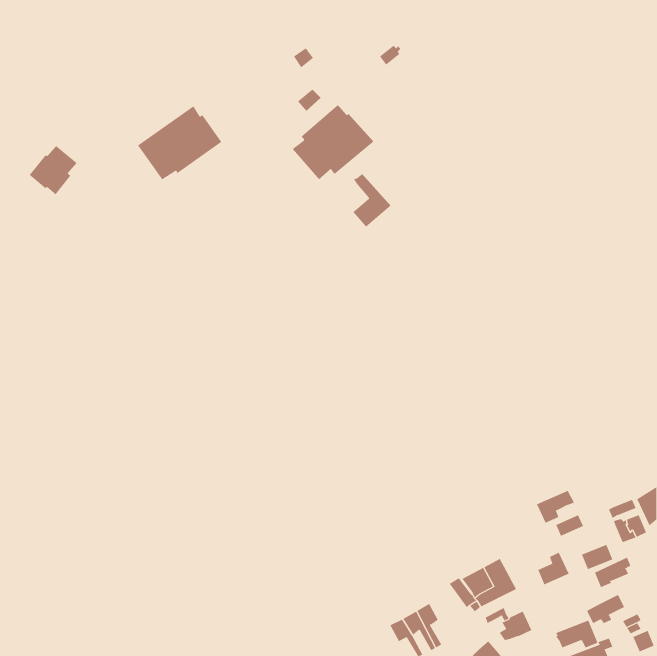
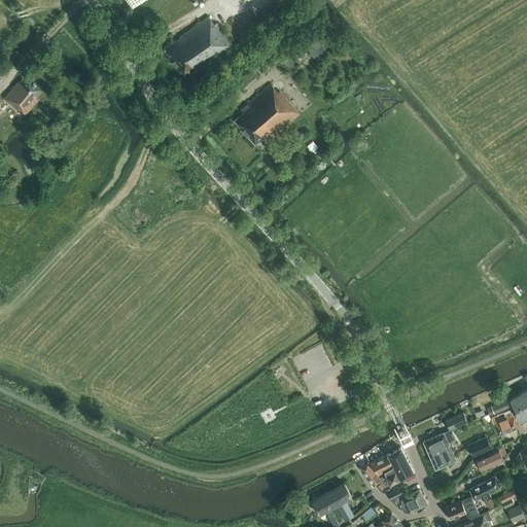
building: [137,106,222,180] -> [164,17,232,77]
building: [29,145,78,195] -> [4,75,43,115]
building: [353,173,392,228] -> none
building: [536,490,575,524] -> [423,430,454,457]

